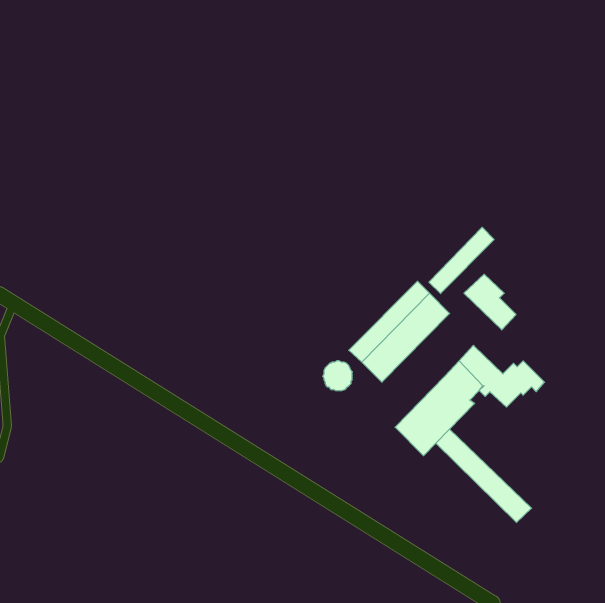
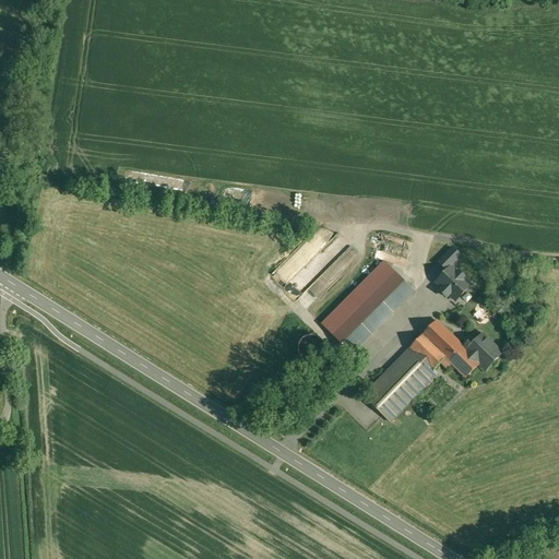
building: [429,227,494,294] -> none
building: [436,429,532,522] -> none

